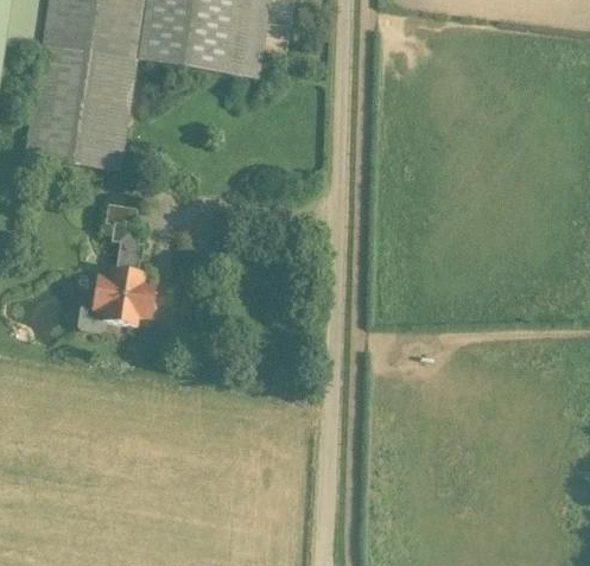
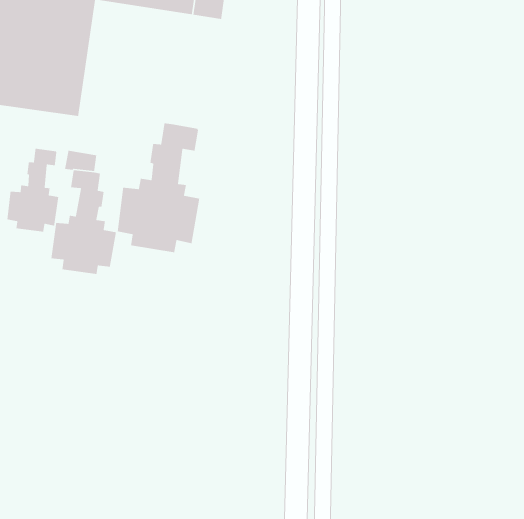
building: none -> [117,123,200,253]
building: none -> [7,148,59,233]

